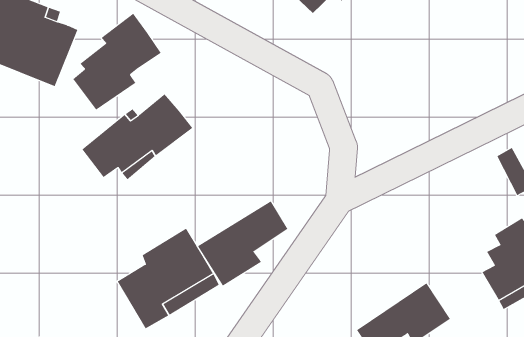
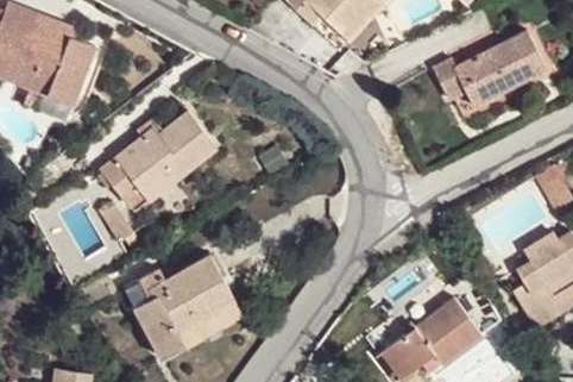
building: [72,13,162,110] -> none
building: none -> [435,31,546,118]
building: [197,201,288,286] -> none

